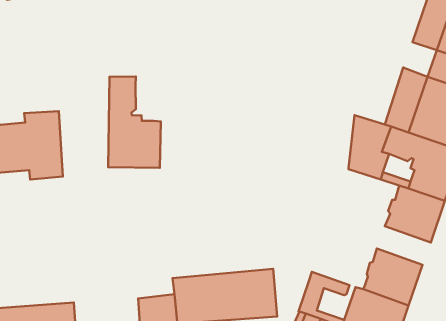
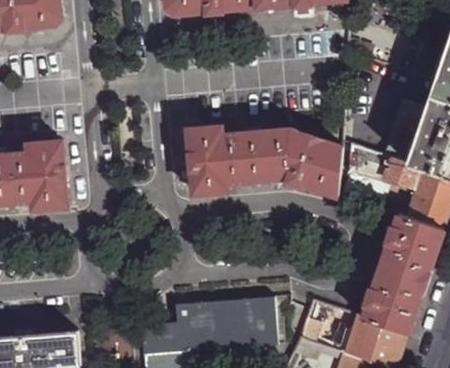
building: [108,77,161,168] -> none
building: none -> [187,127,342,197]
building: none -> [376,255,429,293]

